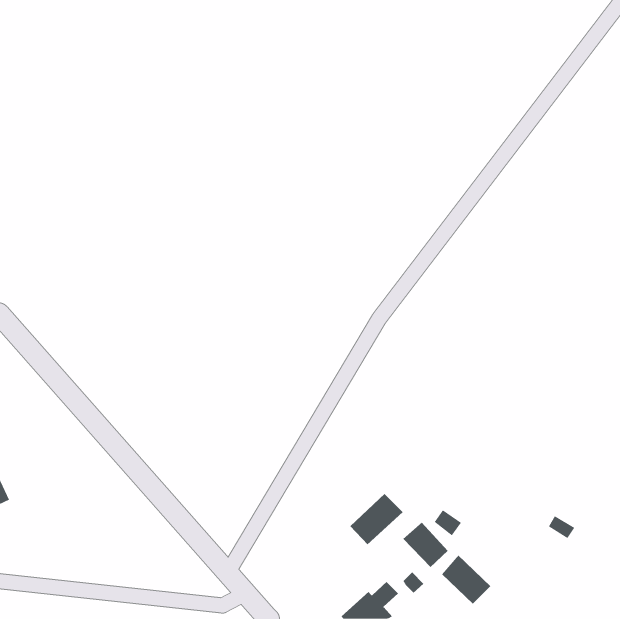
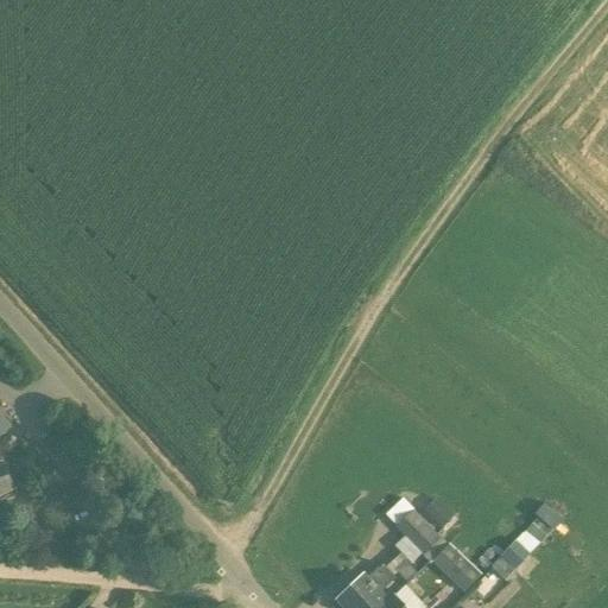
building: [350,493,404,545] -> none
building: none -> [488,536,531,580]

